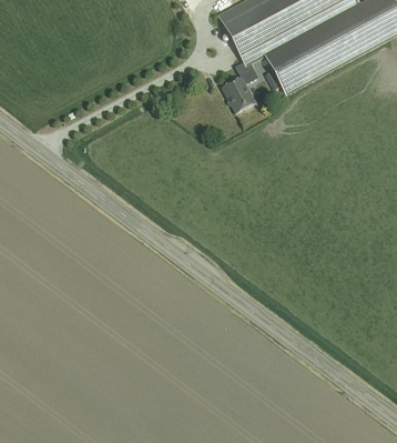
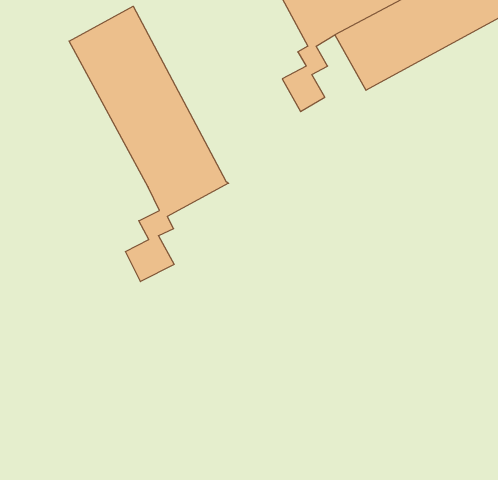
building: none -> [69,6,229,282]

